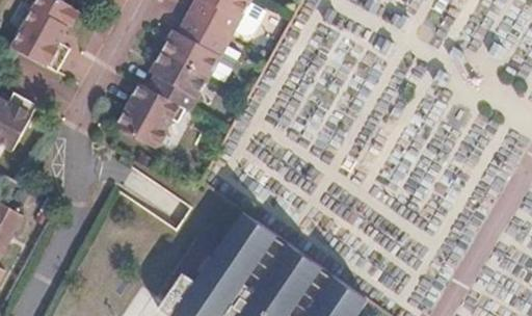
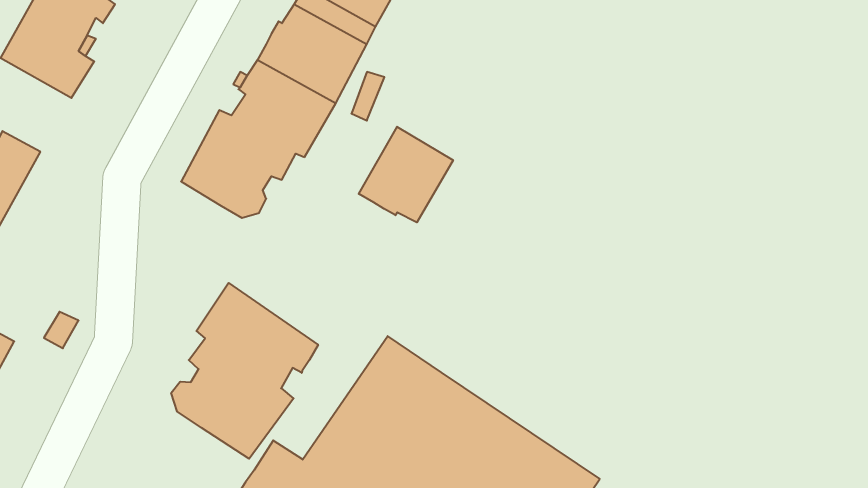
building: none -> [359,127,453,222]
building: none -> [171,283,318,459]

